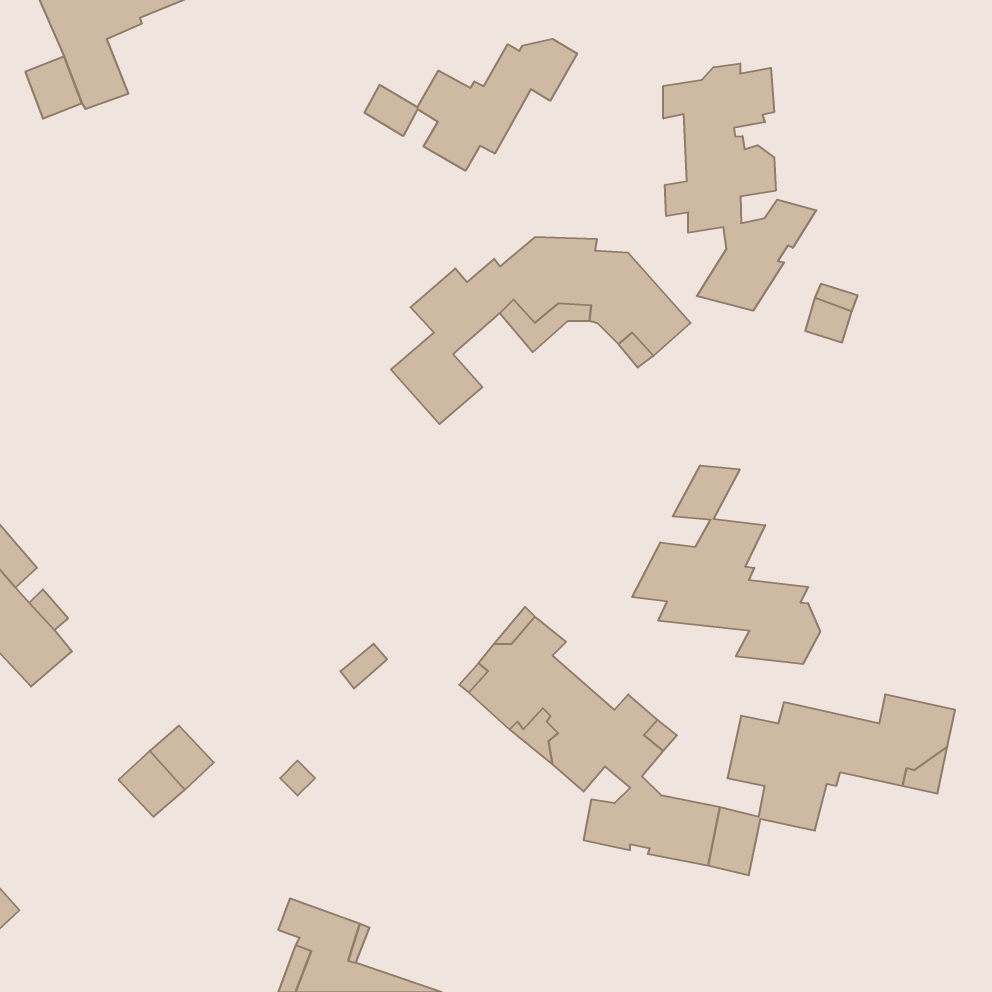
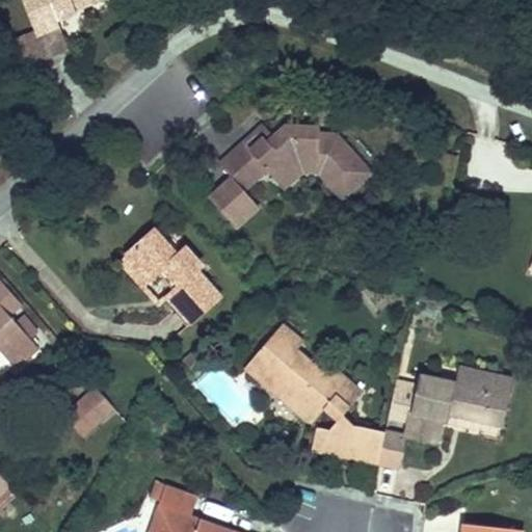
building: [365,39,577,171] -> none
building: [663,63,816,311] -> none
building: none -> [119,230,219,323]
building: [632,465,820,664] -> none

